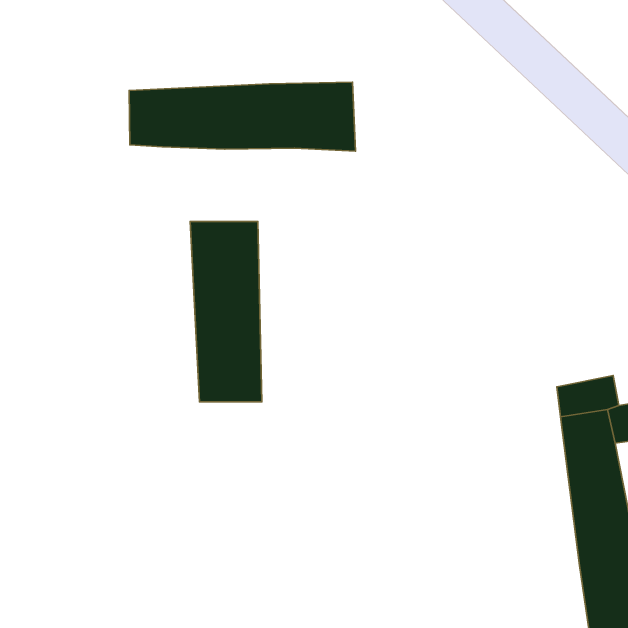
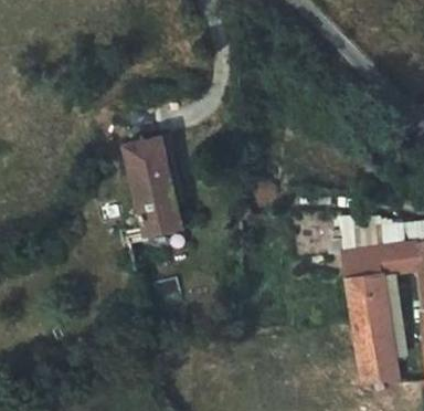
building: [129,82,355,151] -> none

